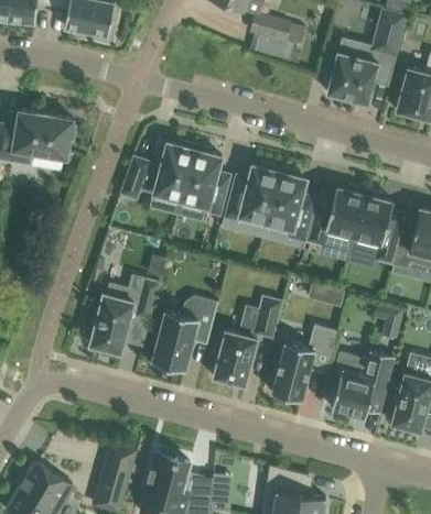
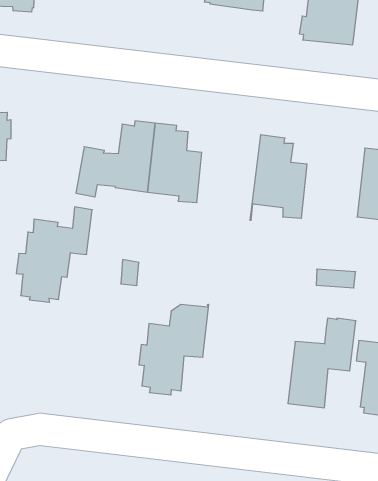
building: [225,163,281,237] -> none
building: [309,186,366,247] -> none
building: [89,278,160,354] -> [16,207,92,302]
building: [214,296,281,385] -> none

